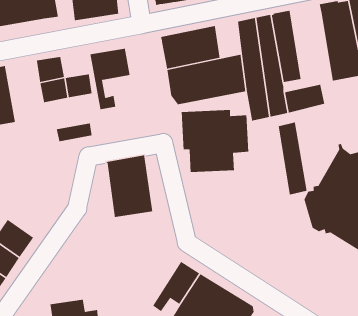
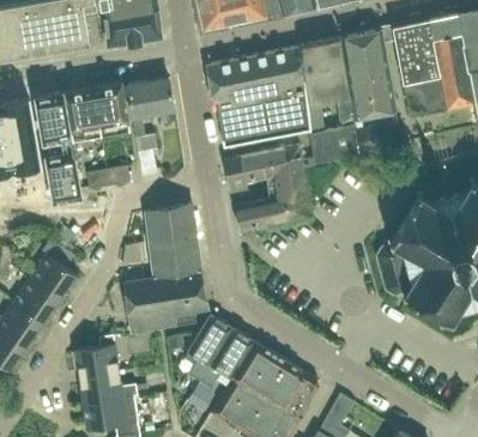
building: none -> [273,48,303,91]
building: none -> [92,84,126,114]
building: none -> [36,93,68,142]
building: none -> [47,153,80,202]
building: [278,122,308,195] -> [361,30,395,116]
building: none -> [30,241,78,301]
building: none -> [123,271,207,335]
building: none -> [187,315,232,381]
building: none -> [74,336,119,378]

